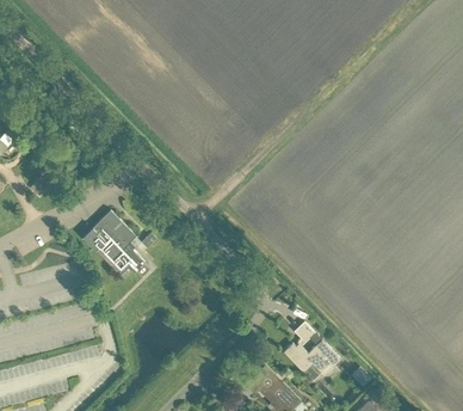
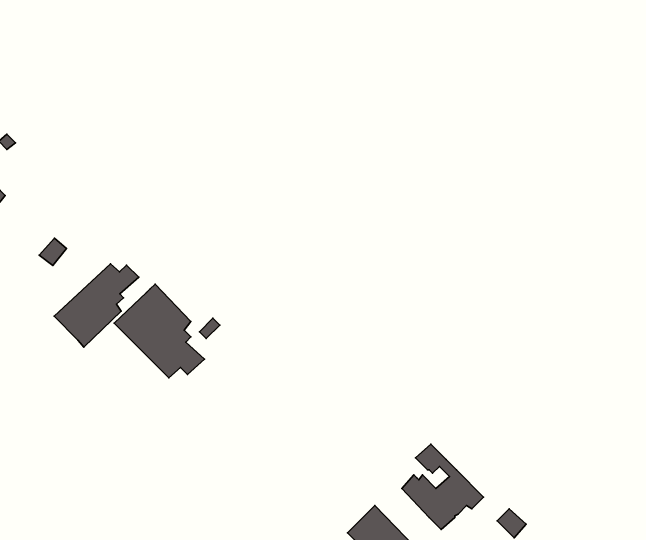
building: none -> [54,264,139,347]

